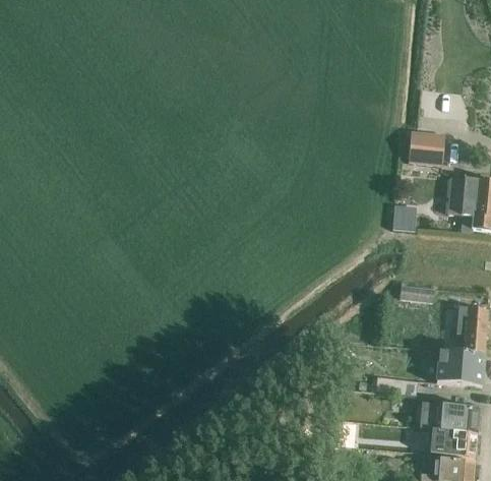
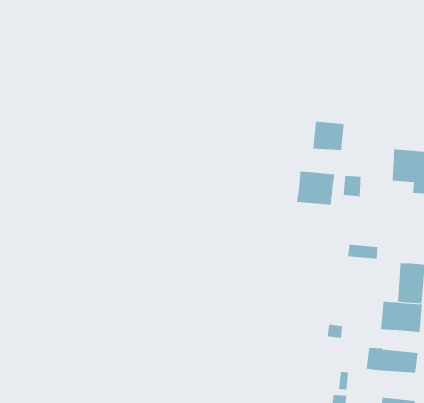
building: [407,130,443,164] -> [312,121,344,151]
building: none -> [296,171,335,205]
building: [431,429,477,458] -> none

